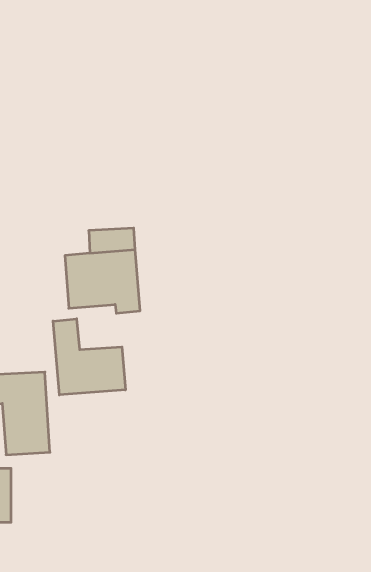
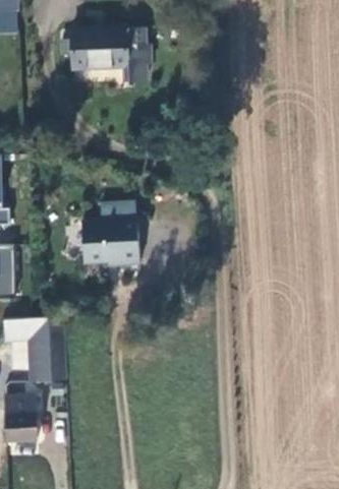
building: none -> [74,29,151,85]
building: [53,319,125,395] -> none

